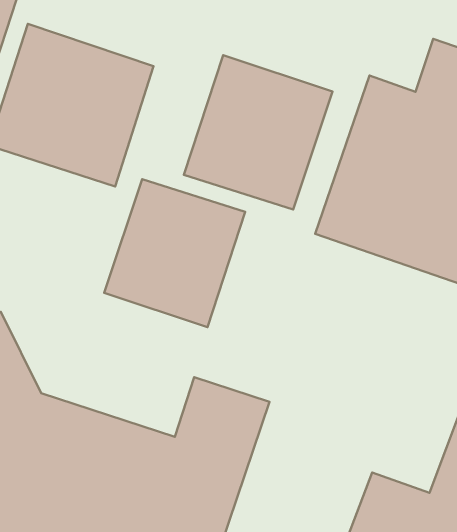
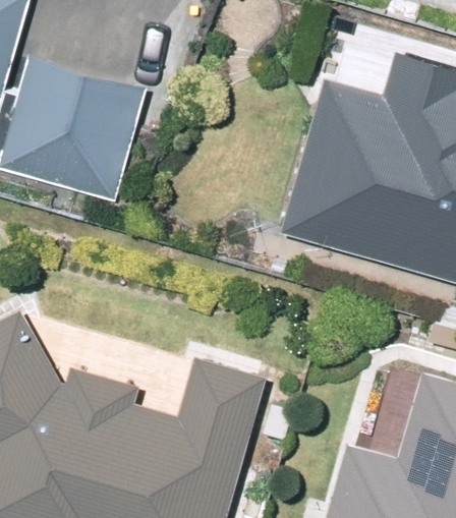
building: [184,55,333,210] -> none
building: [104,179,245,327] -> none

